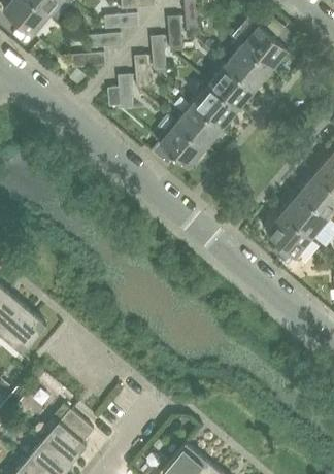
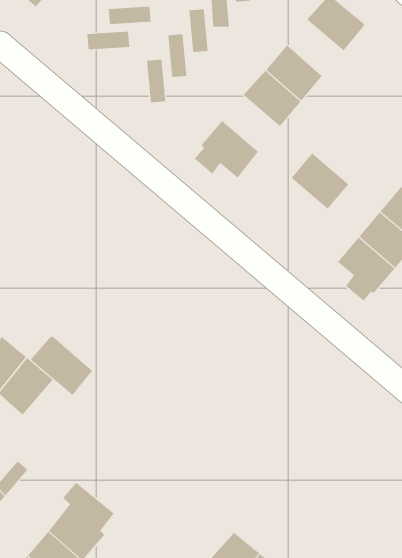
building: [227,43,271,88] -> none
building: [176,102,222,146] -> [291,153,349,210]
building: none -> [30,336,93,396]

